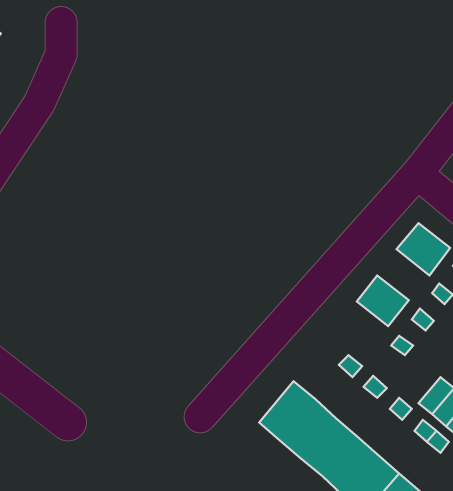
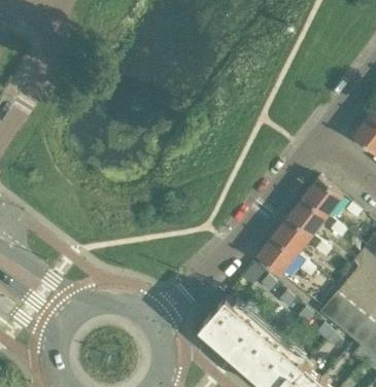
building: none -> [287,199,327,237]
building: none -> [255,238,296,277]

